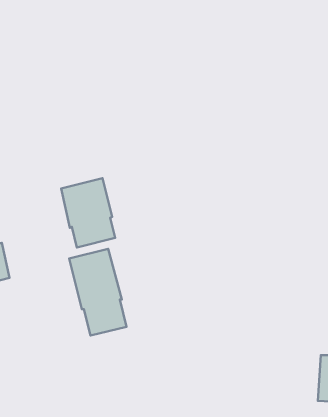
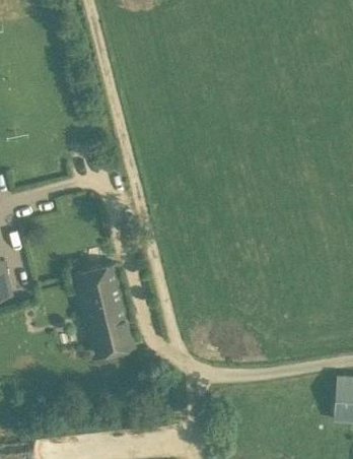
building: [61,178,115,248] -> none

